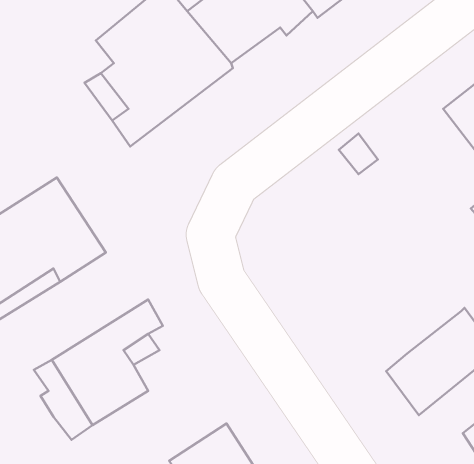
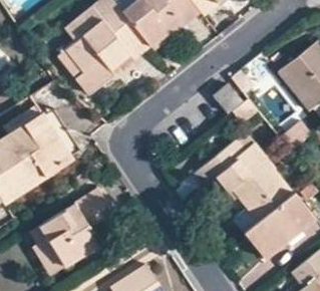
building: none -> [196,140,290,222]

